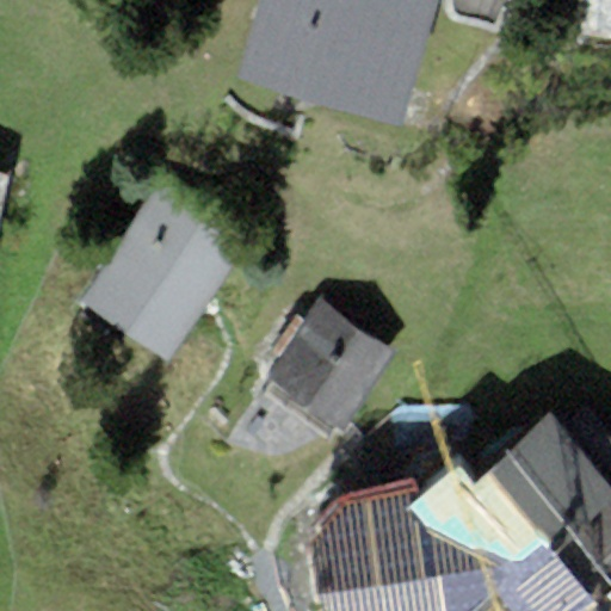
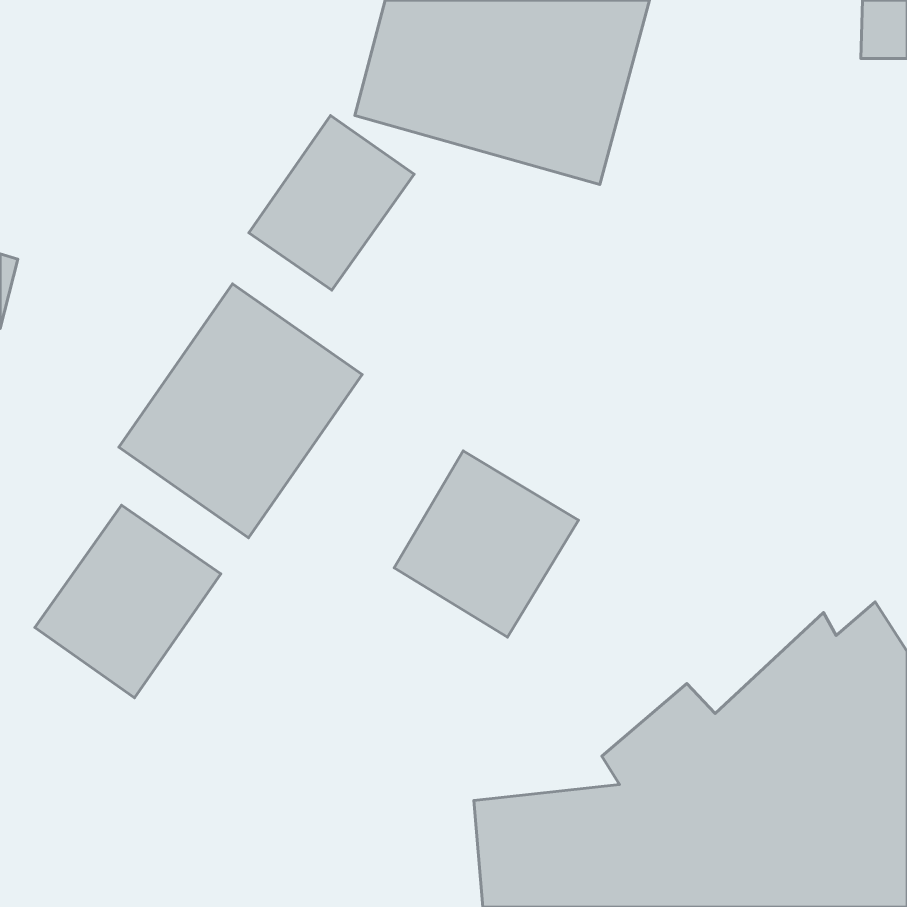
building: none -> [249,115,414,290]
building: none -> [35,505,221,698]

